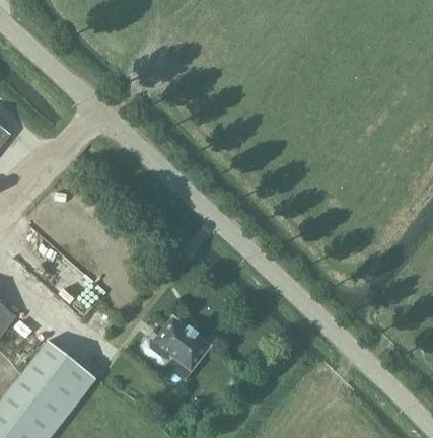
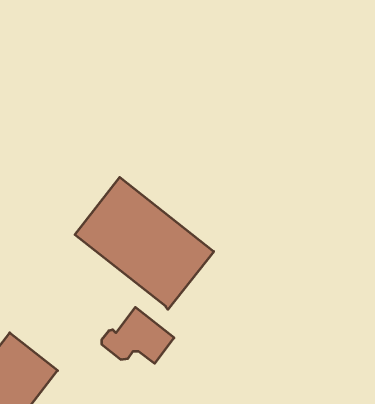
building: none -> [75,177,214,309]

